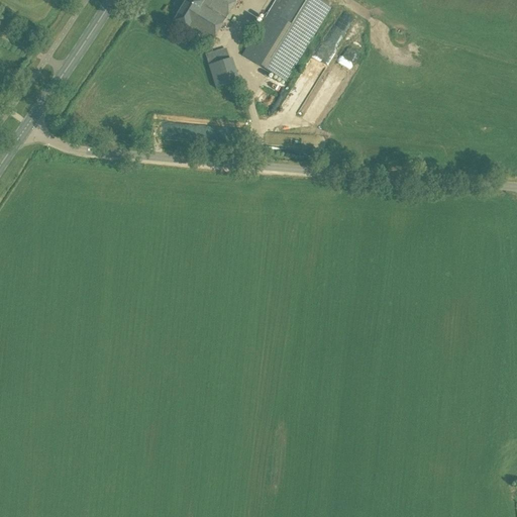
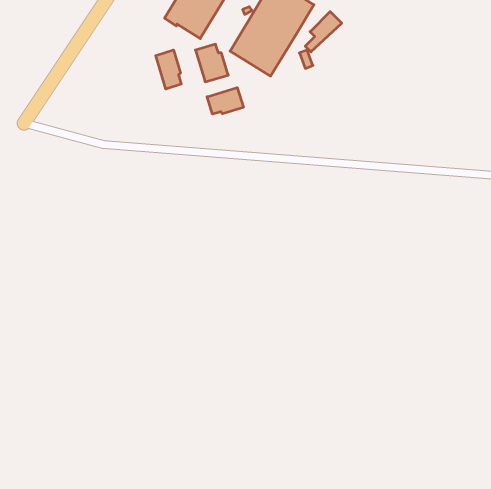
building: none -> [156,50,181,89]
building: none -> [207,88,243,114]

